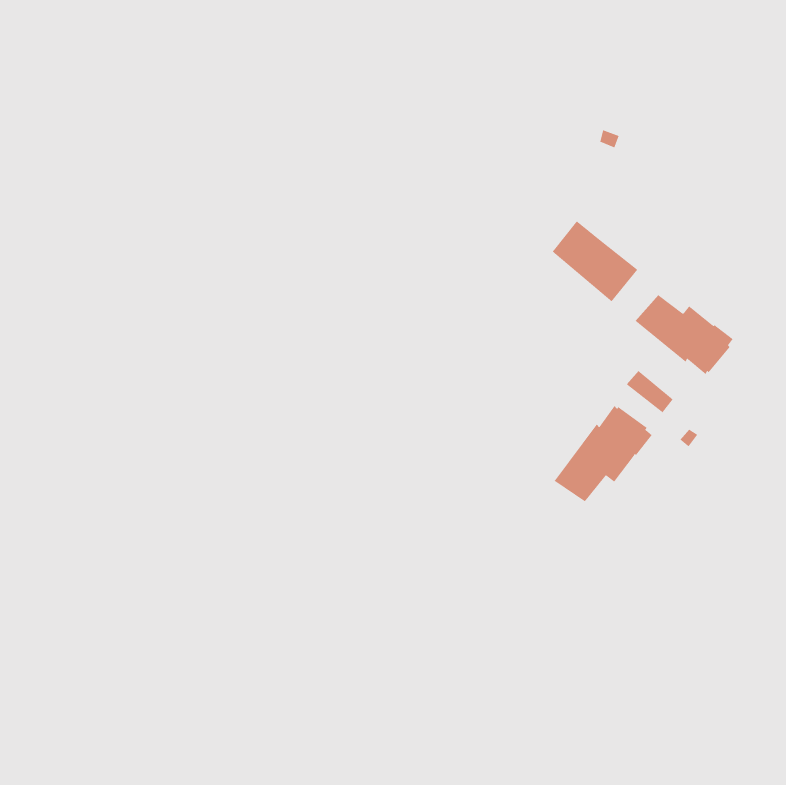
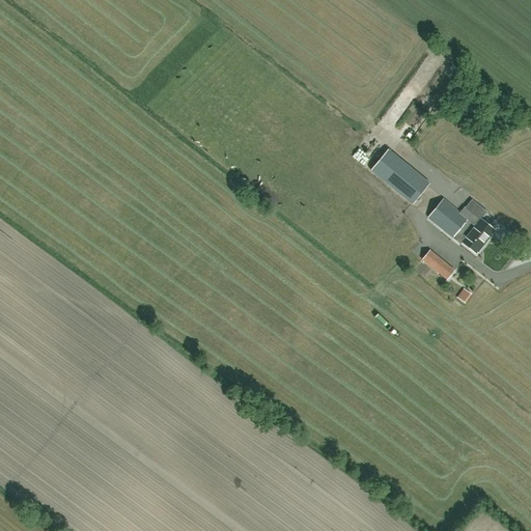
building: [554,405,653,502] -> none

